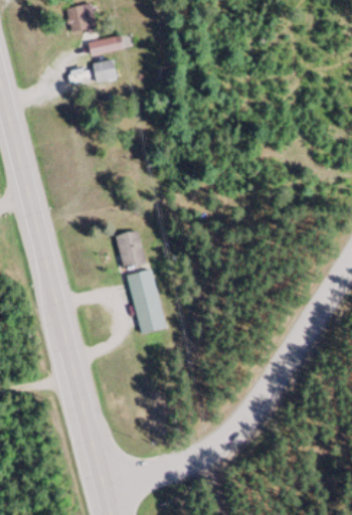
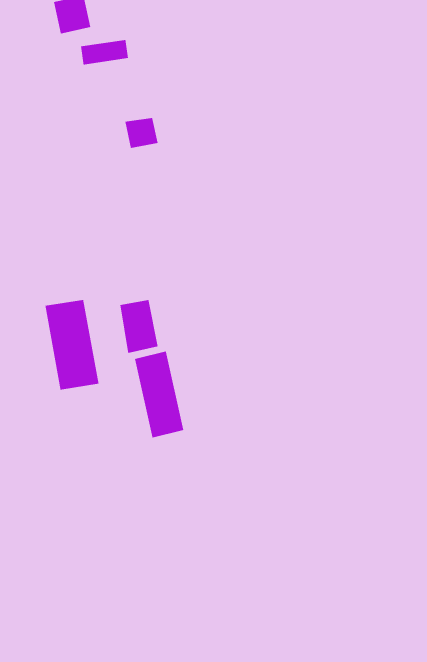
building: [92,59,117,82] -> [125,117,158,148]
building: none -> [45,299,99,390]

